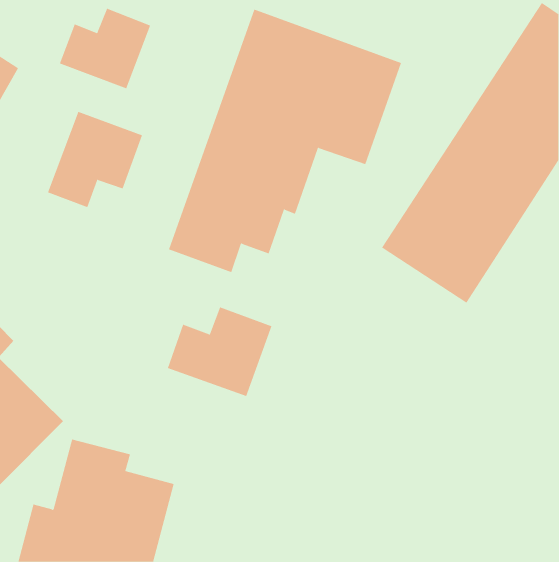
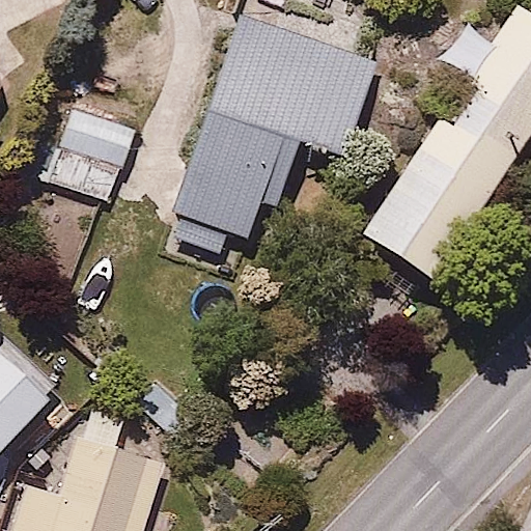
building: [59,8,151,89] -> none
building: [167,307,272,397] -> none

